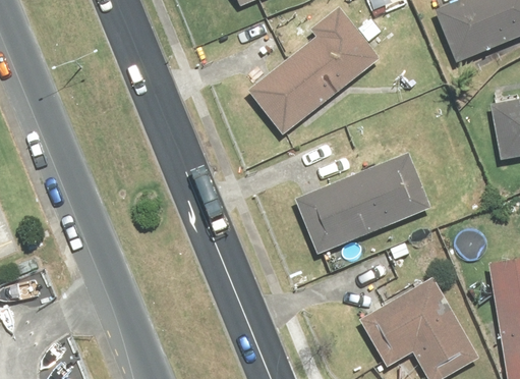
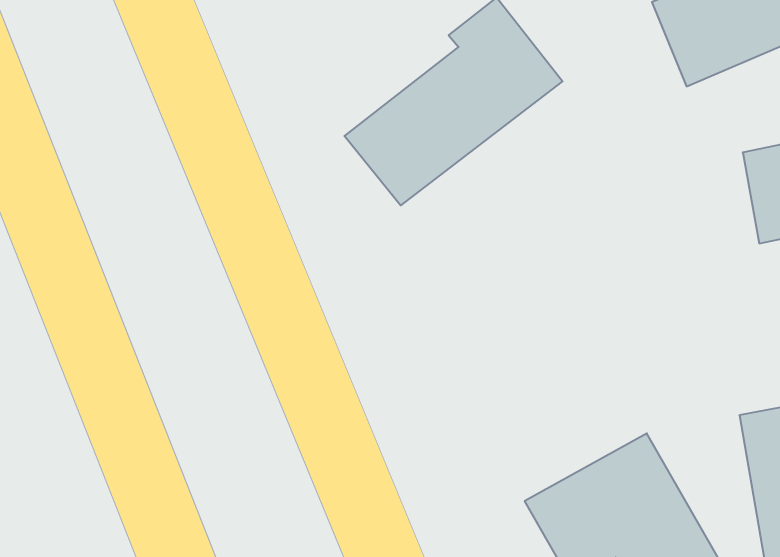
building: [294,153,429,254] -> none

